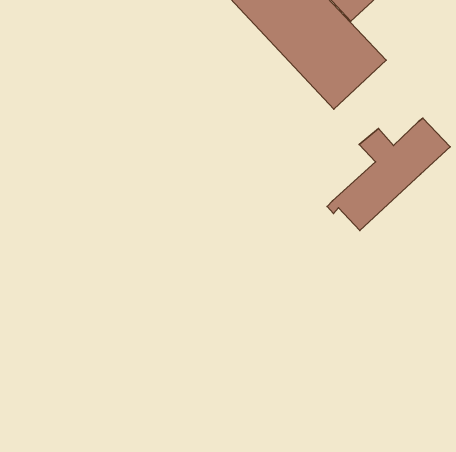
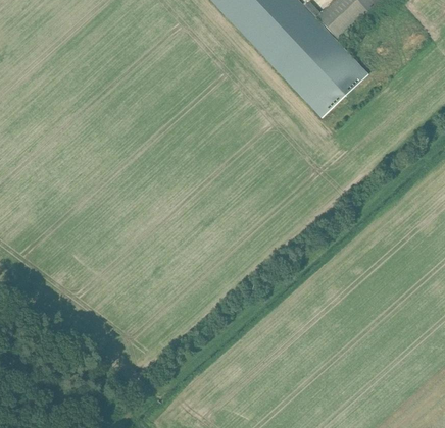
building: [327,118,450,231] -> none

